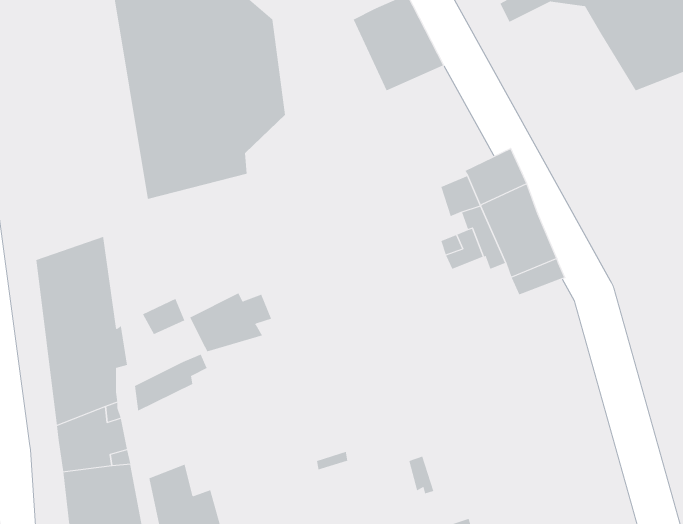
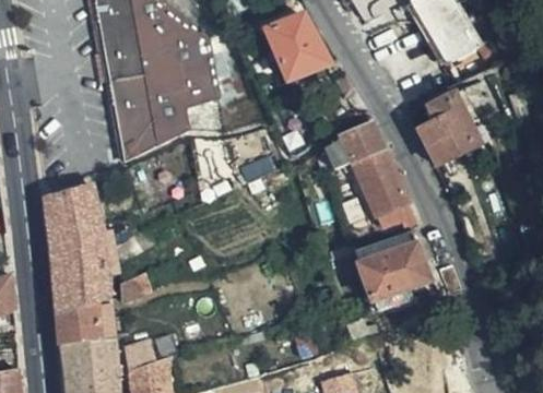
building: none -> [416,91,477,162]
building: [190,292,272,352] -> none
building: none -> [350,233,420,305]

